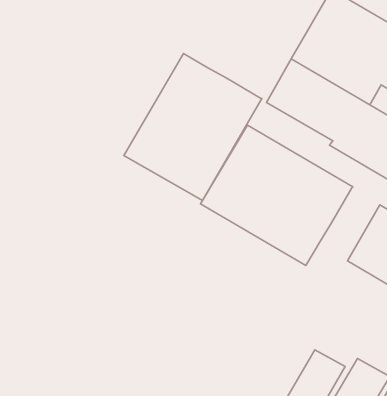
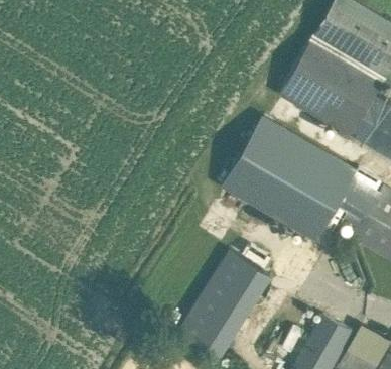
building: [124,54,262,200] -> none
building: none -> [339,168,382,218]
building: none -> [186,247,278,354]

